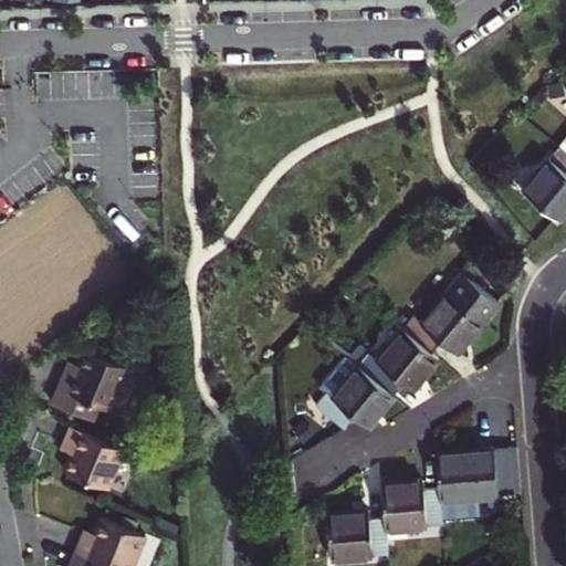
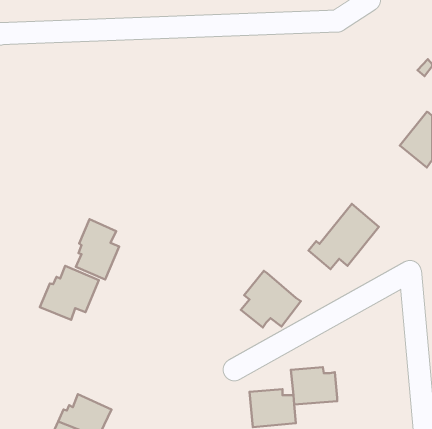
building: none -> [76,219,119,279]
building: [349,332,439,394] -> none
building: [63,429,125,491] -> none
building: [434,451,522,524] -> none

